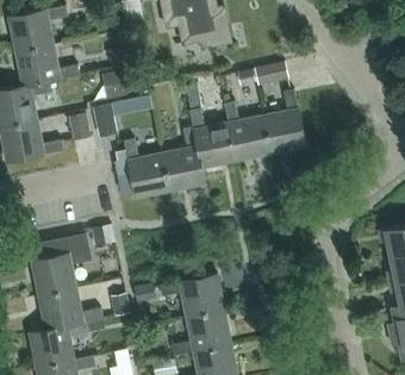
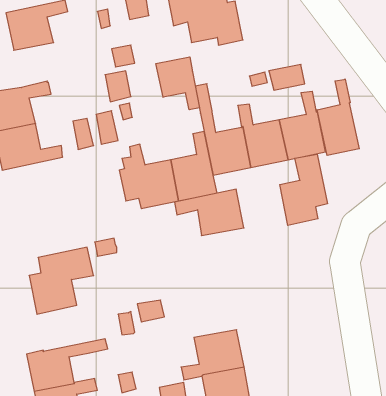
building: [18,44,80,86] -> none
building: none -> [156,57,199,110]
building: none -> [317,79,359,155]
building: none -> [280,154,327,225]
building: [160,274,224,317] -> [174,189,244,236]
building: [39,287,102,330] -> none

